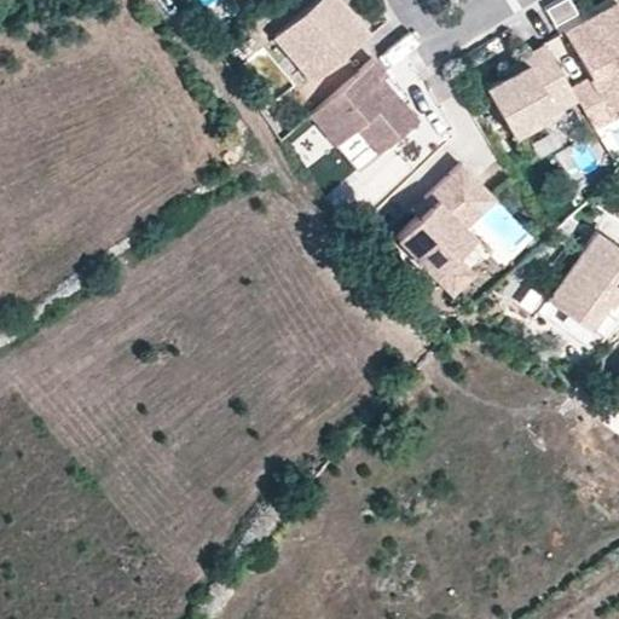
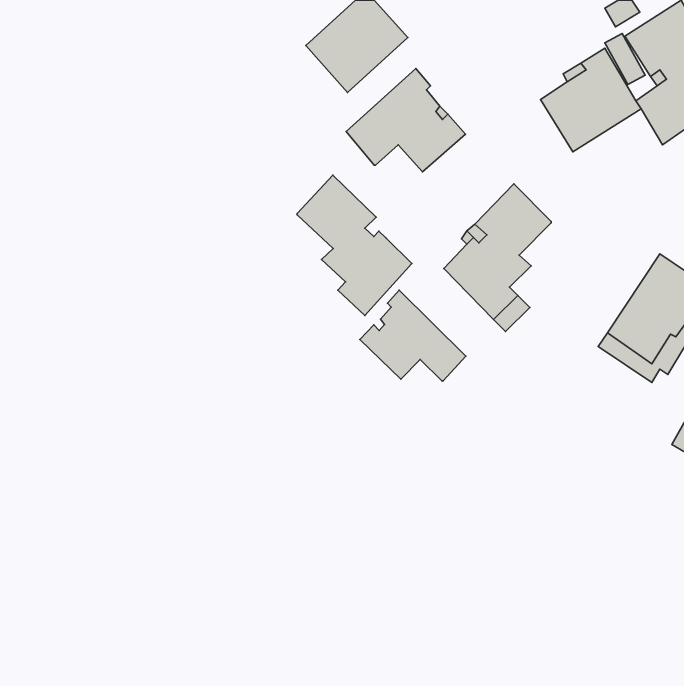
building: none -> [297,175,412,315]
building: none -> [360,290,466,381]

